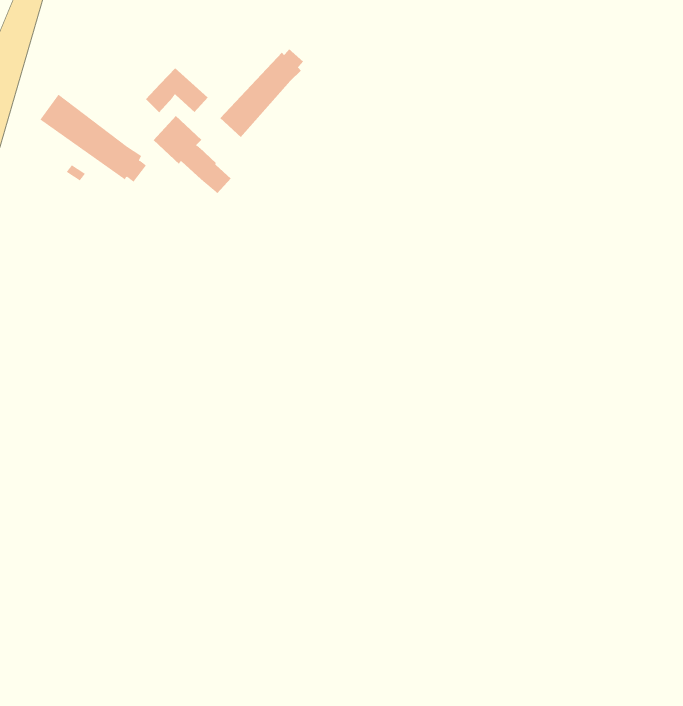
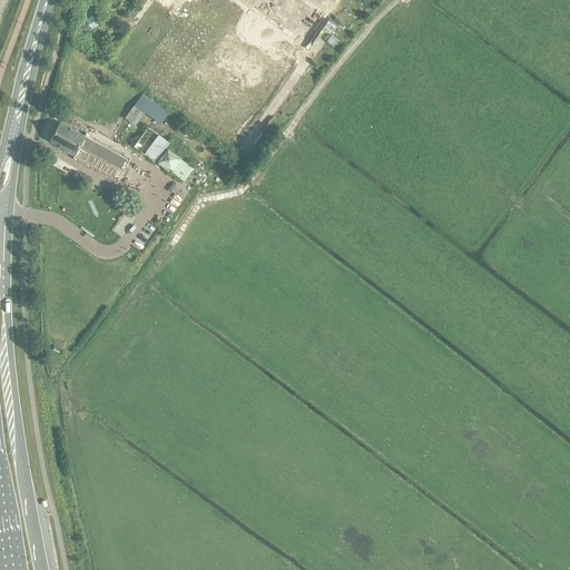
building: [220,48,304,138] -> none

